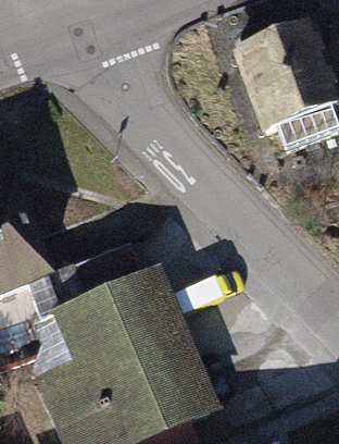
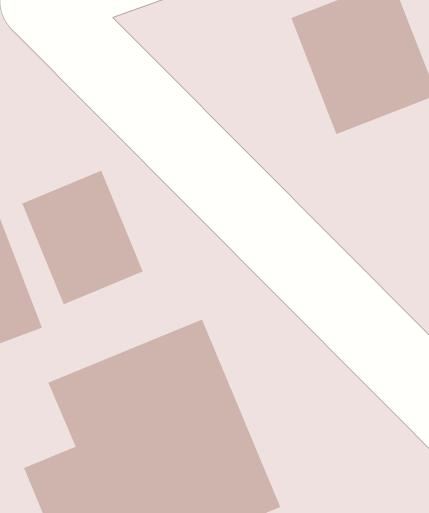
building: none -> [21,170,143,305]

